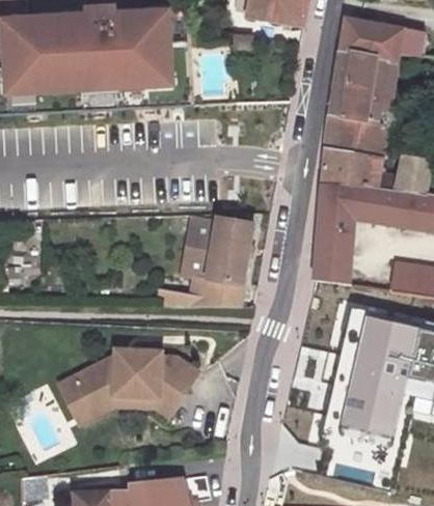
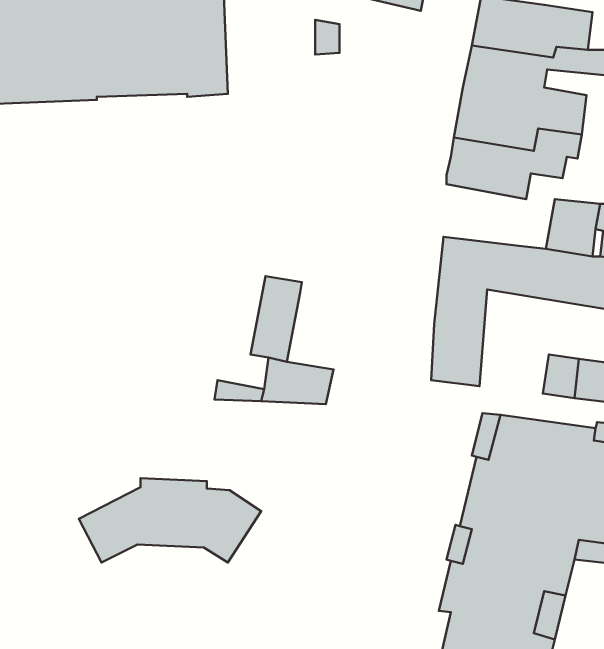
building: [320,148,377,191] -> none
building: [212,210,256,276] -> none
building: [55,378,171,425] -> none

